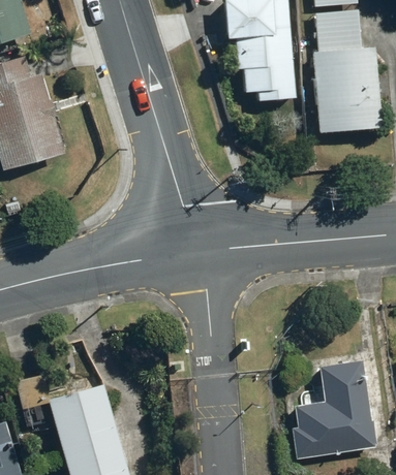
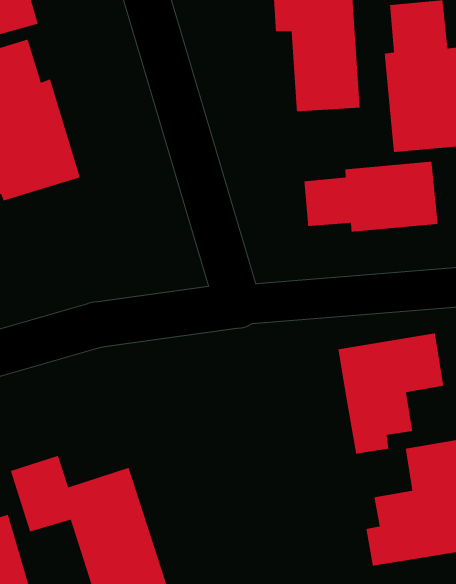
building: none -> [304,161,438,232]
building: none -> [338,332,444,454]

